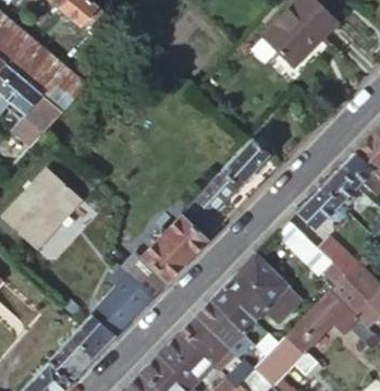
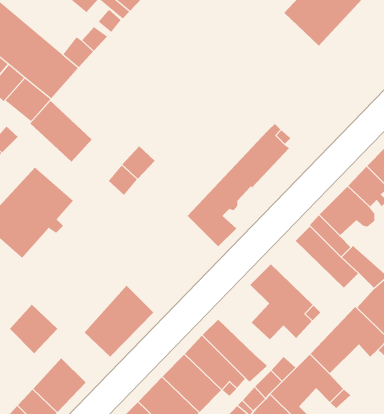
building: none -> [30,100,92,163]
building: [130,212,209,296] -> none
building: [209,272,254,333] -> none
building: [73,314,115,357] -> [9,304,58,354]

